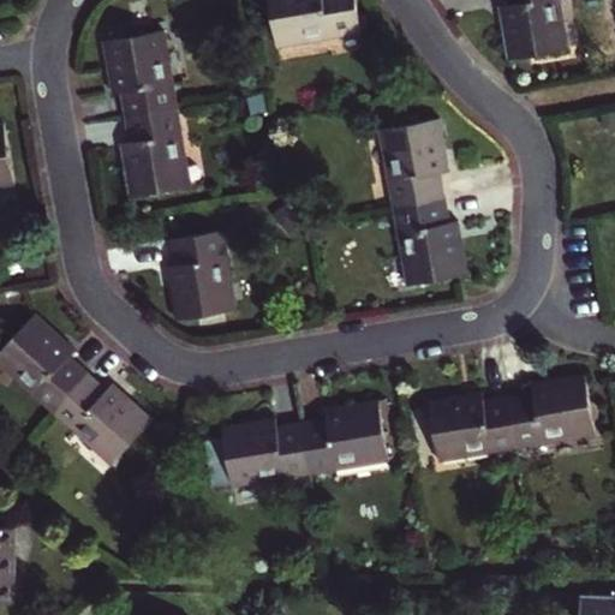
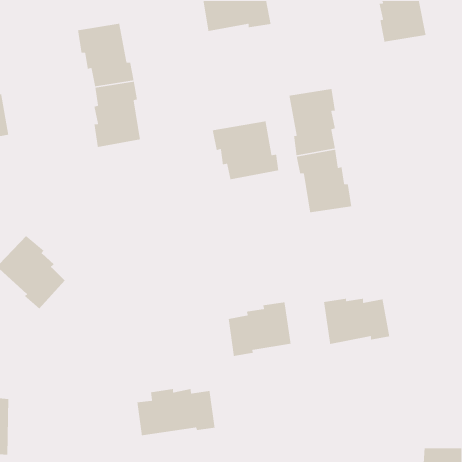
building: none -> [212,121,279,180]
building: [169,232,231,320] -> none
building: [52,374,151,462] -> none
building: [507,374,593,448] -> none
building: [204,422,309,485] -> [137,388,216,436]

